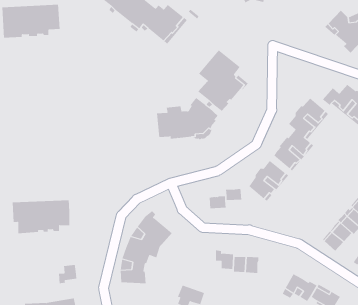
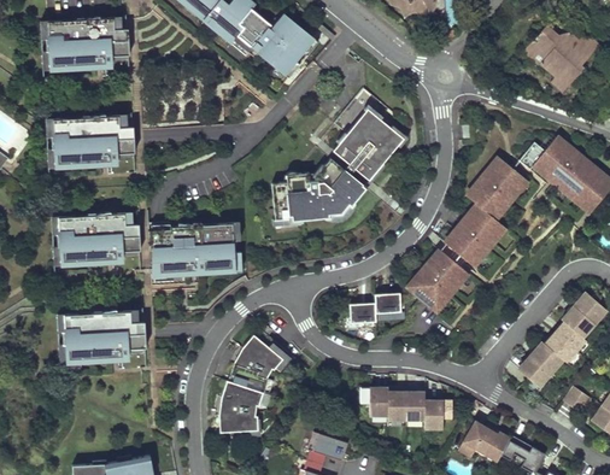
building: none -> [46,115,134,166]
building: none -> [52,212,139,264]
building: none -> [148,222,240,274]
building: none -> [422,401,451,428]
building: [59,264,77,284] -> none

